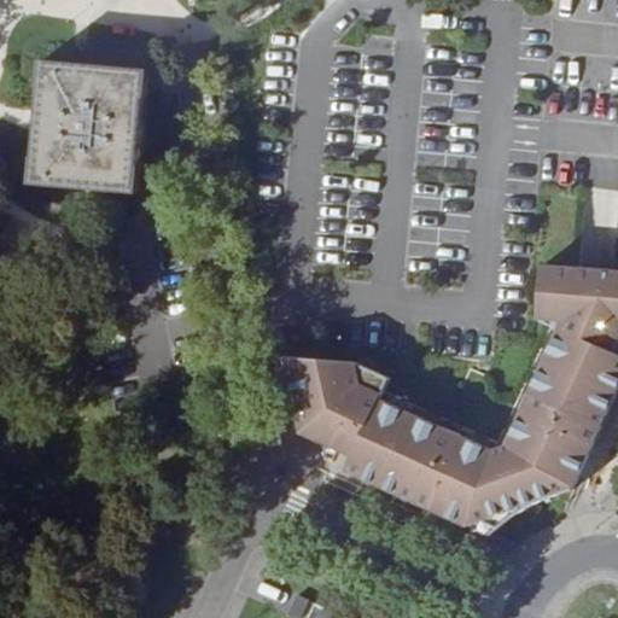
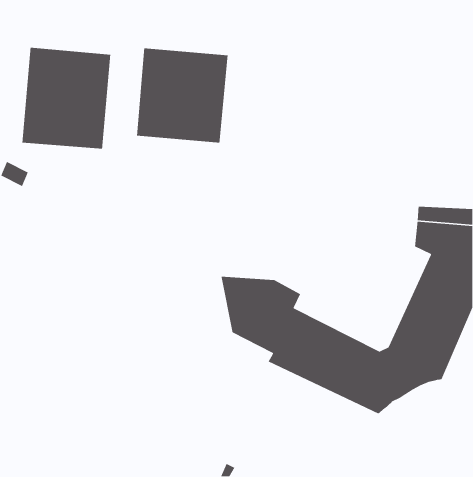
building: none -> [136,48,228,144]

